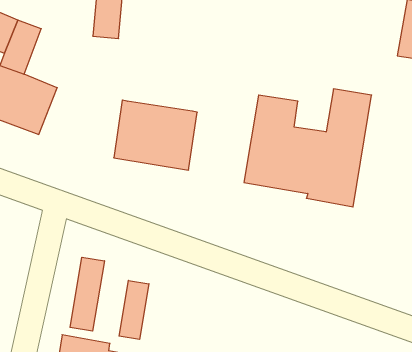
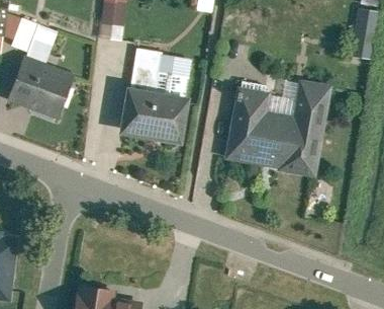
building: none -> [129,48,189,99]
building: [70,257,104,331] -> none
building: [119,280,149,339] -> none

